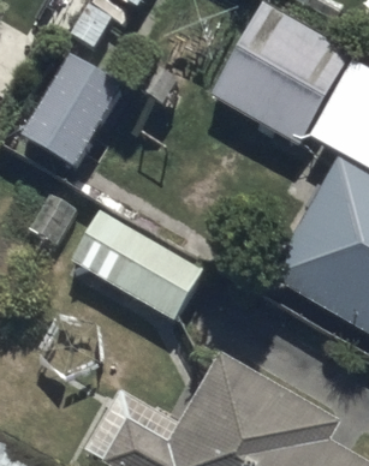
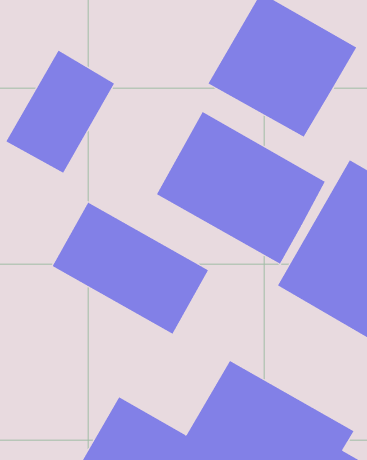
building: none -> [156,111,325,264]

